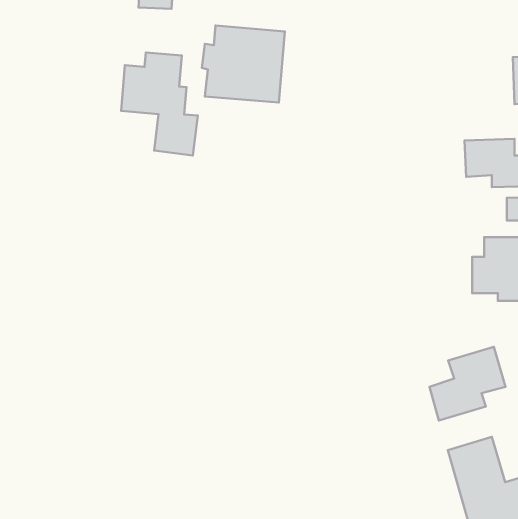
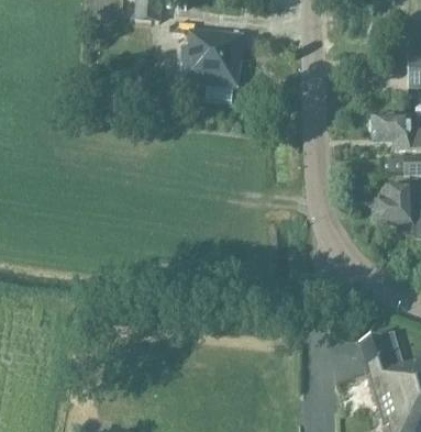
building: [121,52,198,155] -> none
building: [430,347,505,420] -> none

